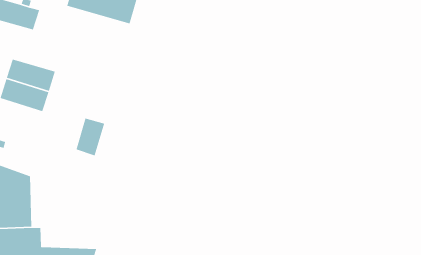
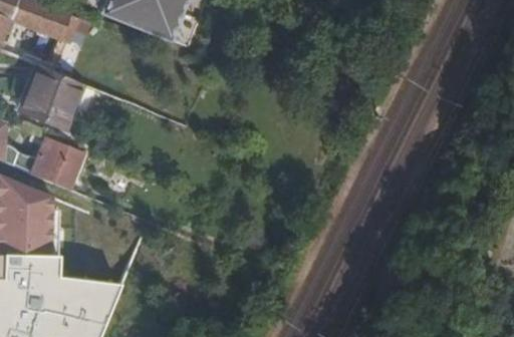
building: [76,117,105,157] -> [36,138,71,183]

